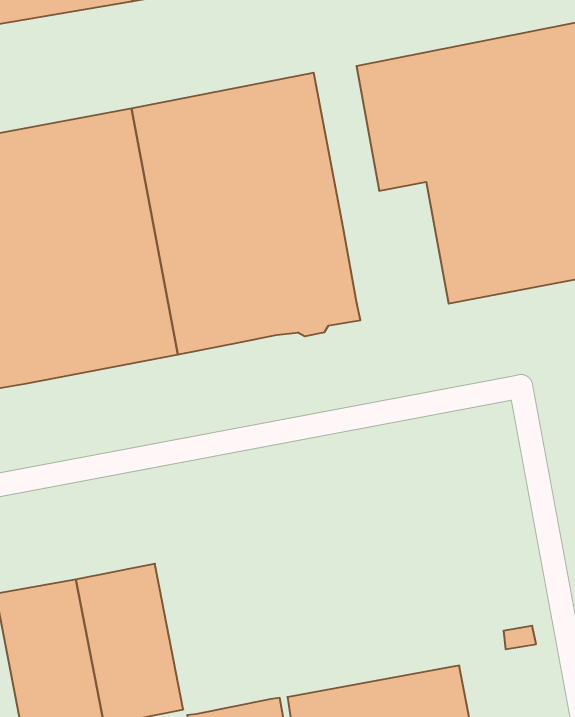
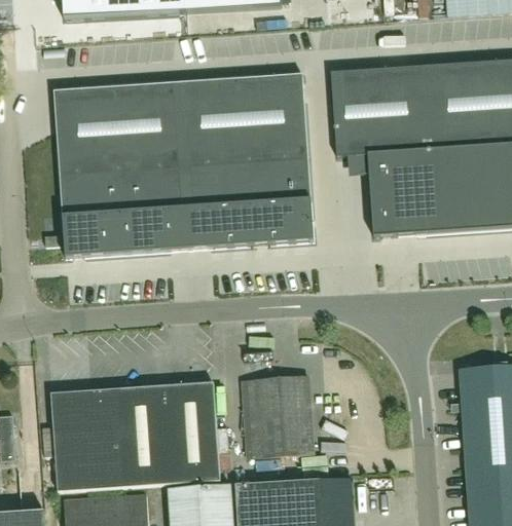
building: none -> [242,375,314,458]
building: none -> [158,381,220,484]

